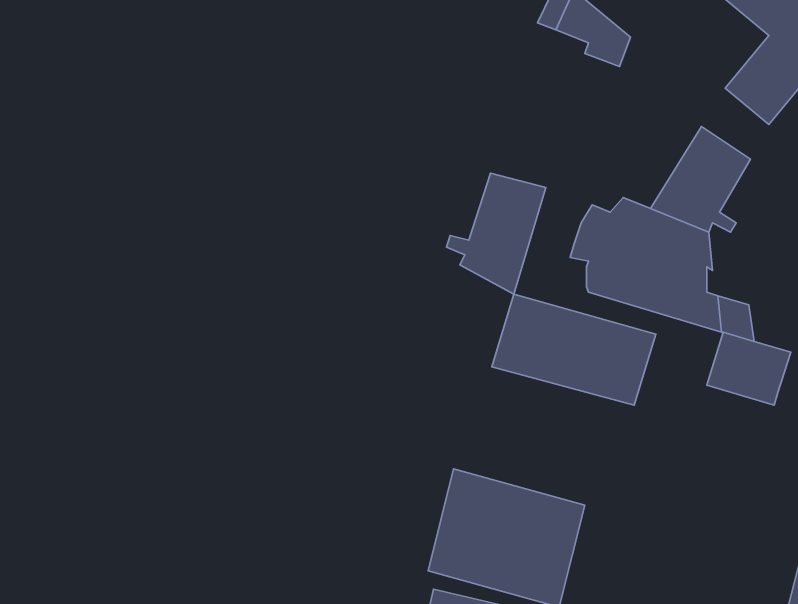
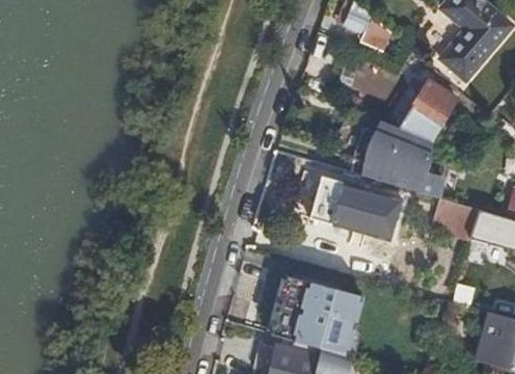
building: [447,173,546,294] -> none

